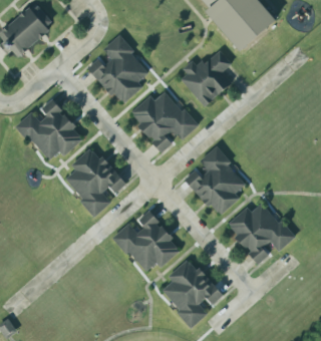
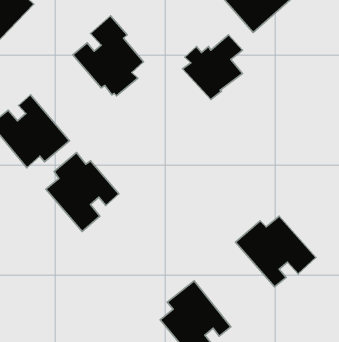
building: [131,91,199,151] -> none
building: [186,148,247,218] -> none
building: [113,213,182,274] -> none

